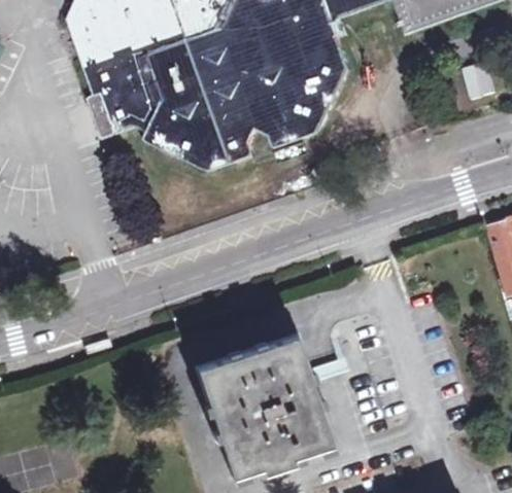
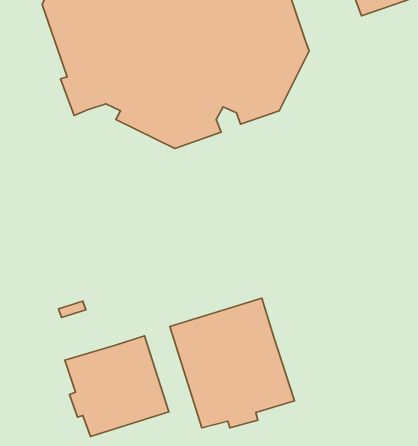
building: none -> [65,336,169,436]

